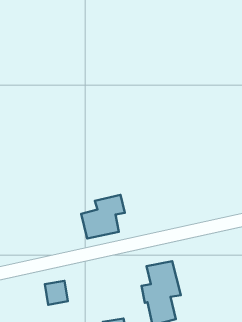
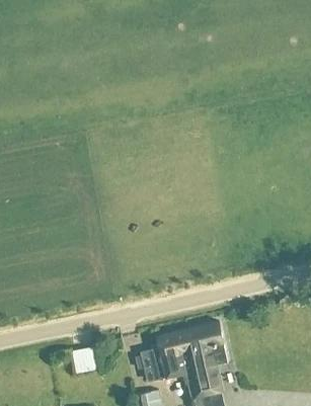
building: [81,195,125,239] -> [141,330,192,382]

